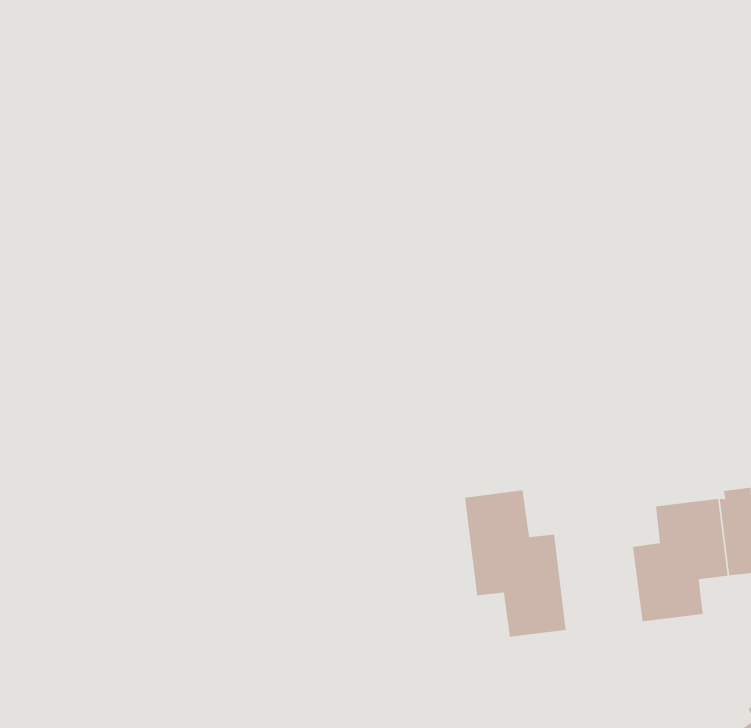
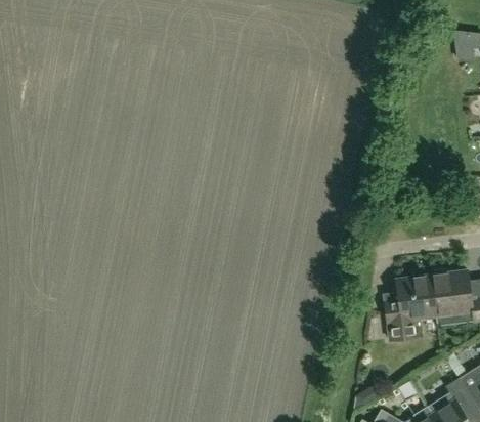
building: [465,490,566,638] -> none

